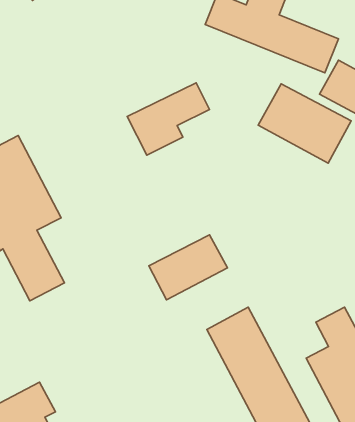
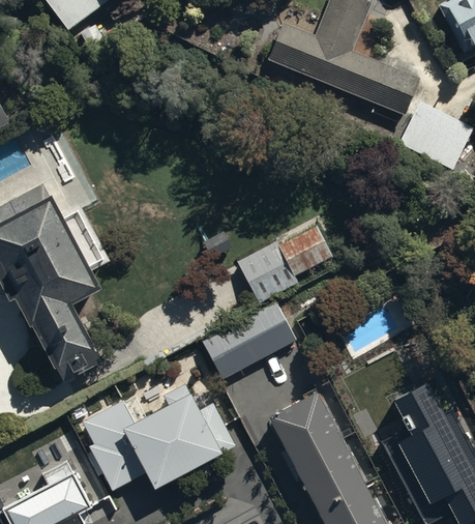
building: [127,83,210,155] -> [236,223,331,307]
building: [258,84,351,163] -> none
building: none -> [84,383,237,497]

